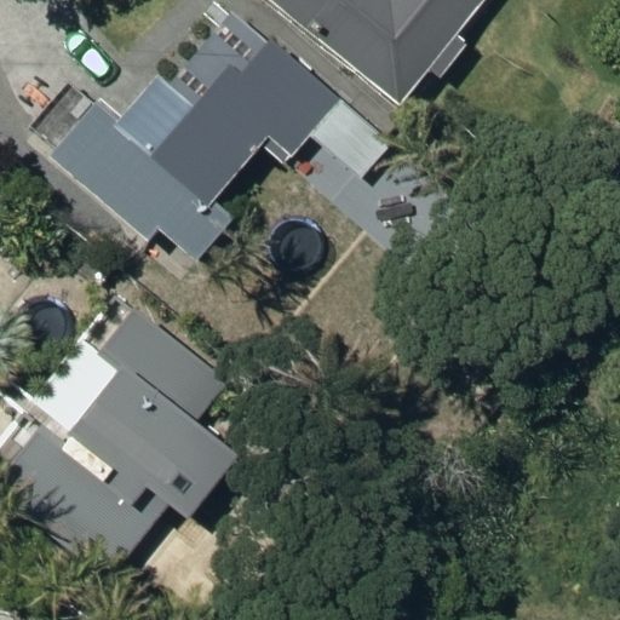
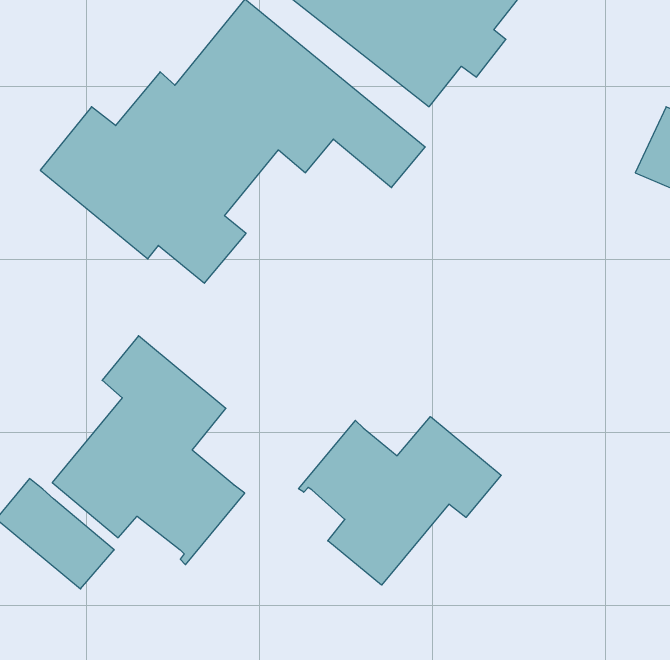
building: none -> [299,417,501,585]

